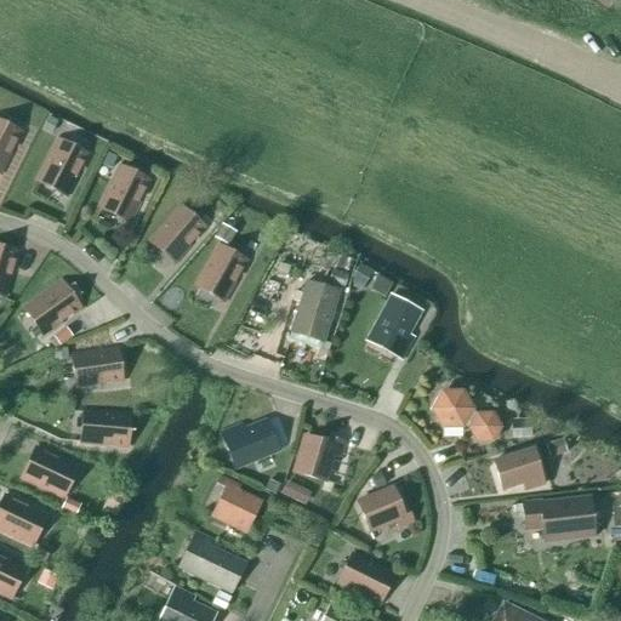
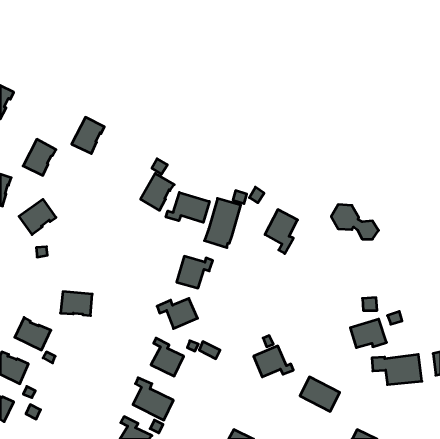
building: [40,138,86,189] -> [23,139,56,175]
building: [154,205,205,256] -> none
building: none -> [166,192,209,222]
building: [78,347,124,383] -> none
building: [434,391,501,439] -> [331,205,379,239]
building: [295,434,346,479] -> [177,256,213,288]
building: [338,553,394,602] -> [300,377,340,411]

